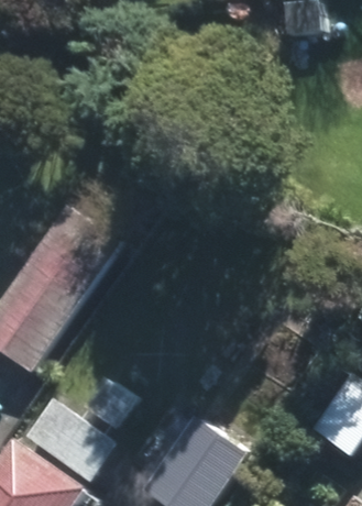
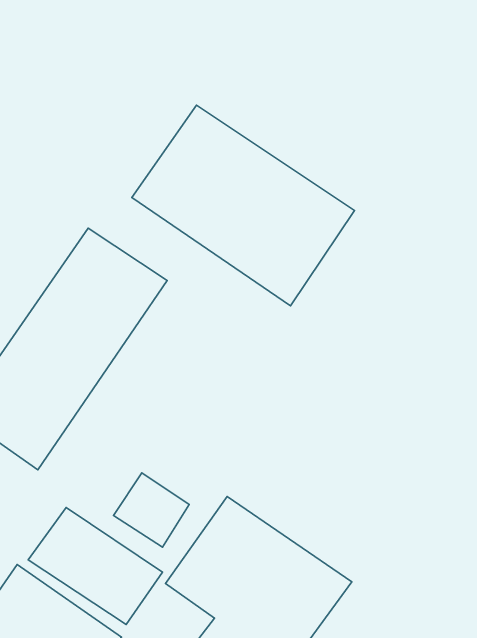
building: none -> [132,105,354,306]

